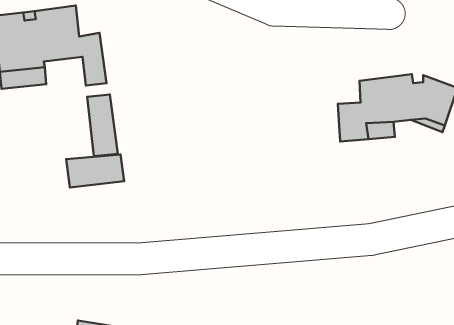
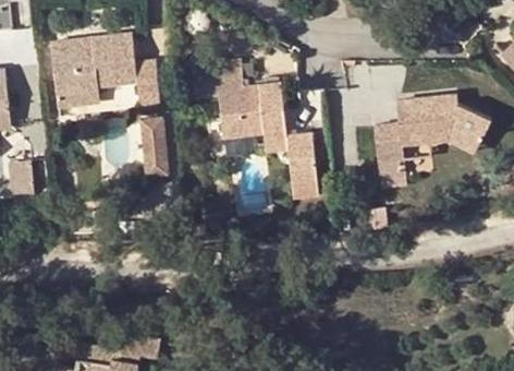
building: none -> [191,51,318,199]
building: [66,154,124,187] -> none

